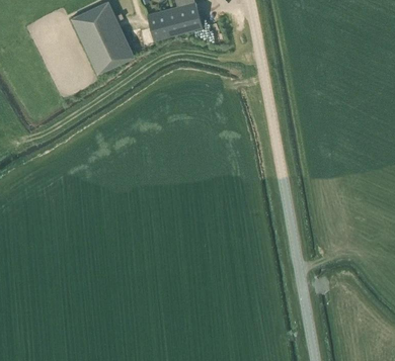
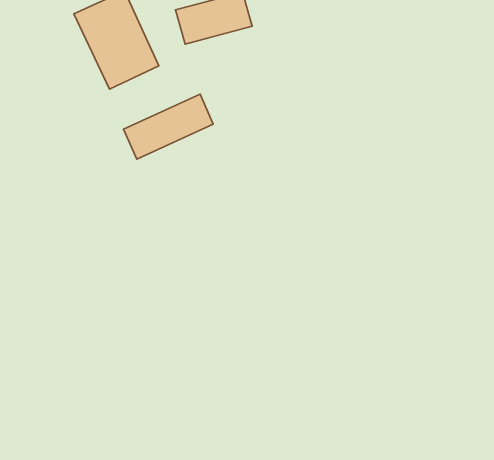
building: none -> [124,94,213,159]

